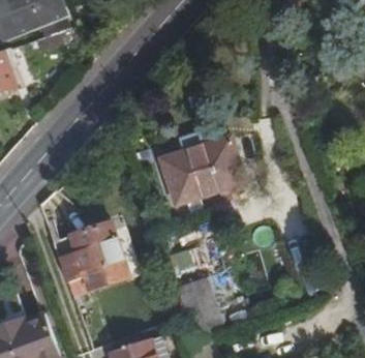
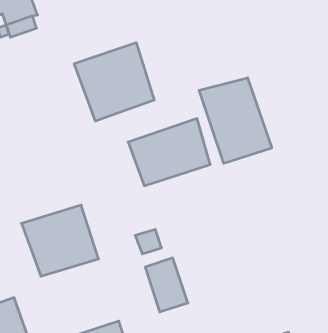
building: none -> [74,43,154,121]
building: none -> [199,78,272,163]

